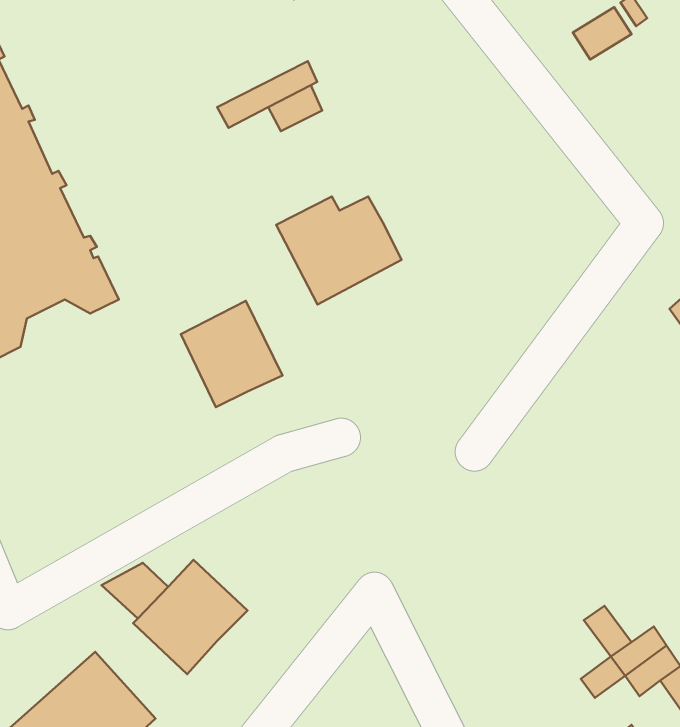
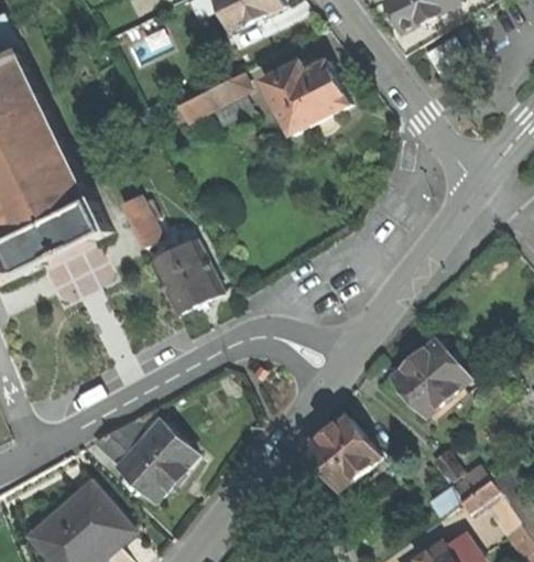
building: [276,196,402,304] -> [262,62,349,137]
building: none -> [120,195,161,249]
building: none -> [394,343,468,417]
building: none -> [308,419,379,489]

